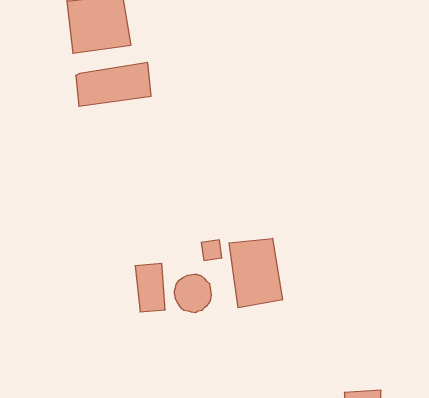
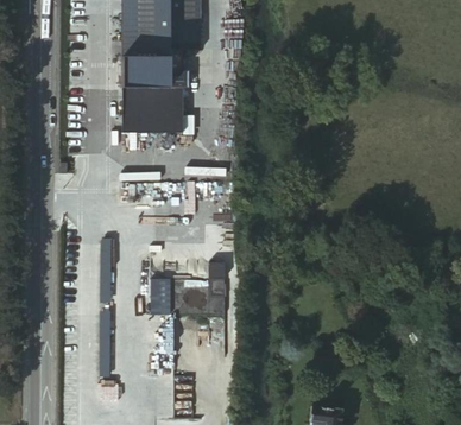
building: none -> [122,88,184,107]
building: [229,238,282,308] -> none

